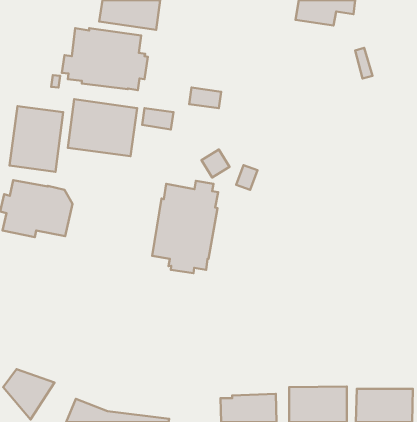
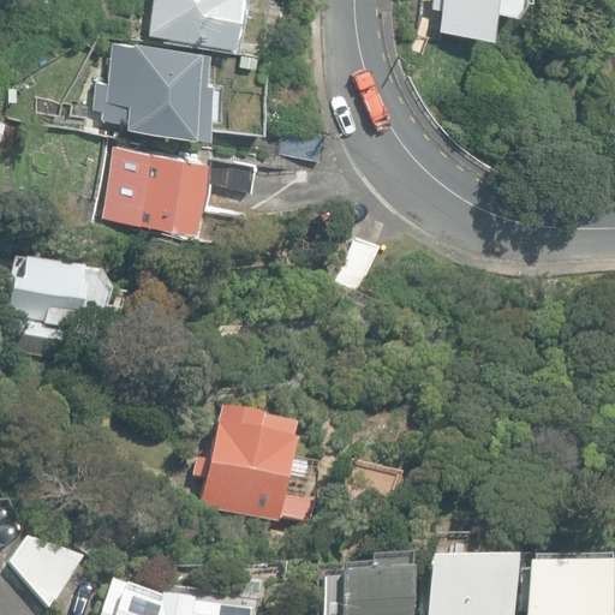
building: [9,106,63,172] -> none
building: [152,181,218,273] -> none
building: none -> [197,413,318,523]

